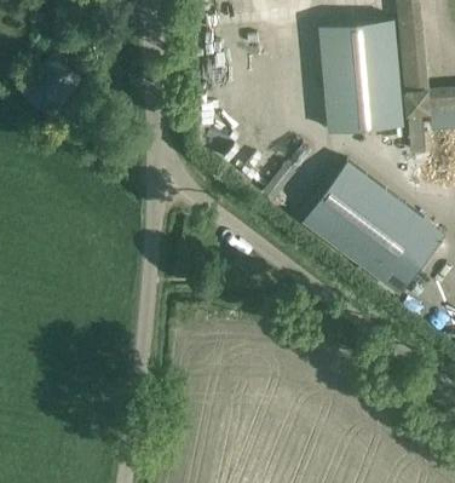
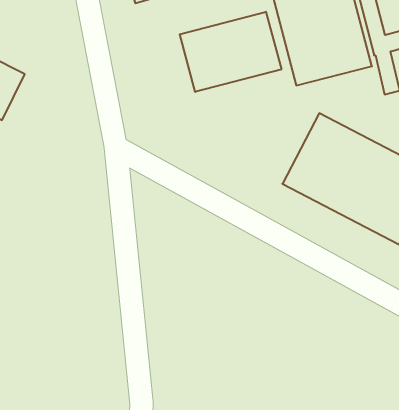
building: none -> [180,12,281,92]

